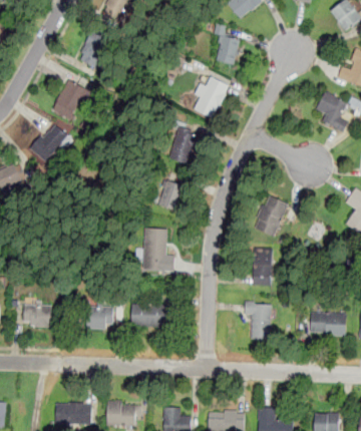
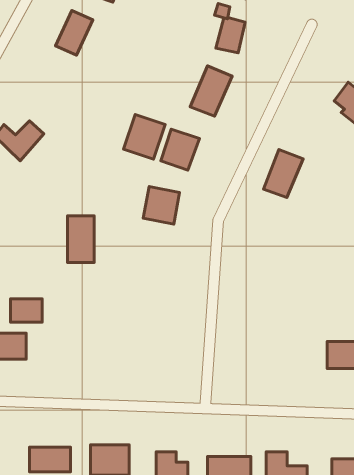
building: [51,79,89,118] -> none
building: none -> [124,115,165,159]
building: [255,195,289,237] -> [263,149,303,197]
building: [143,230,166,270] -> [67,216,94,263]
building: [253,250,272,285] -> none
building: [245,301,270,338] -> none
building: [132,304,167,327] -> none
building: [85,309,112,329] -> [11,299,42,322]

